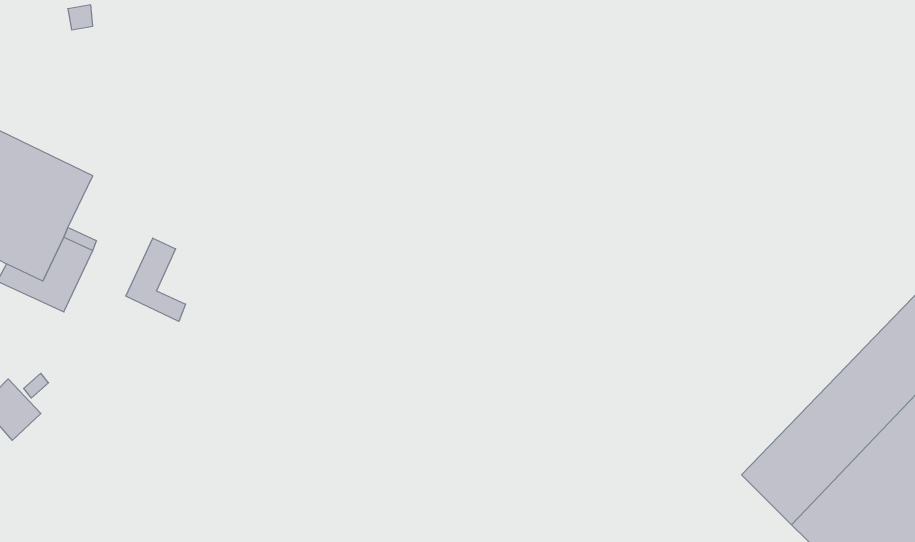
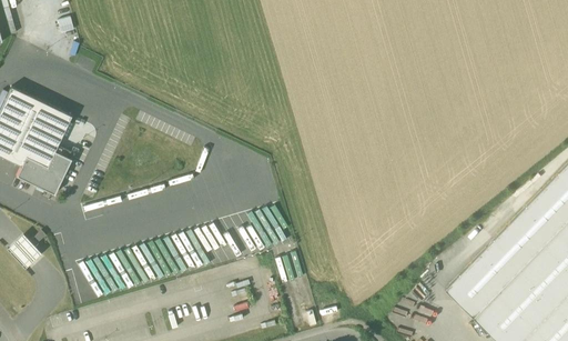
building: [126,238,186,321] -> none

